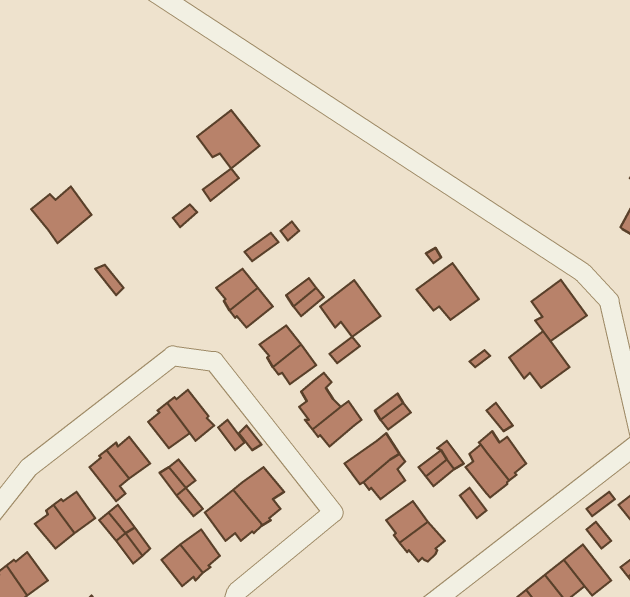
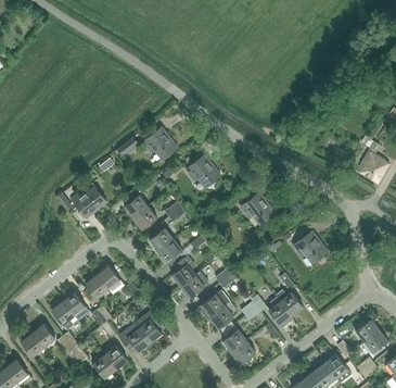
building: [197,110,260,169] -> [142,127,178,161]
building: [31,187,92,243] -> [72,186,106,218]
building: [532,280,587,341] -> none
building: [320,280,381,337] -> [186,155,220,188]

